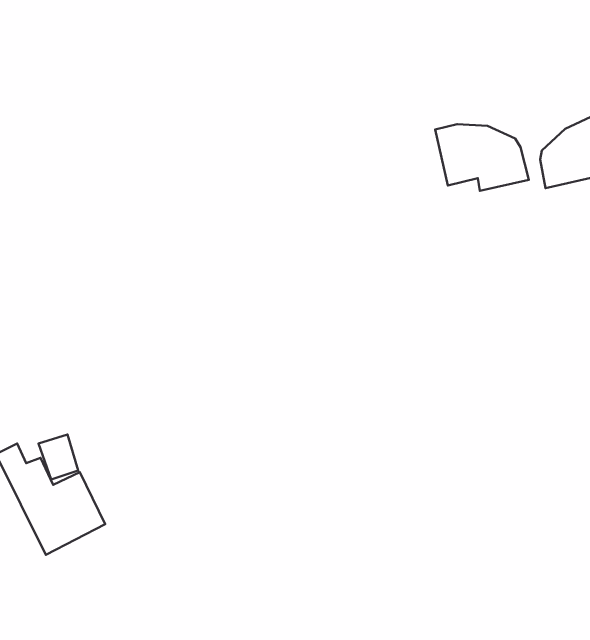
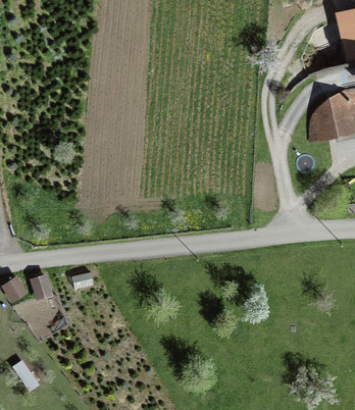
building: [435,124,529,191] -> none

